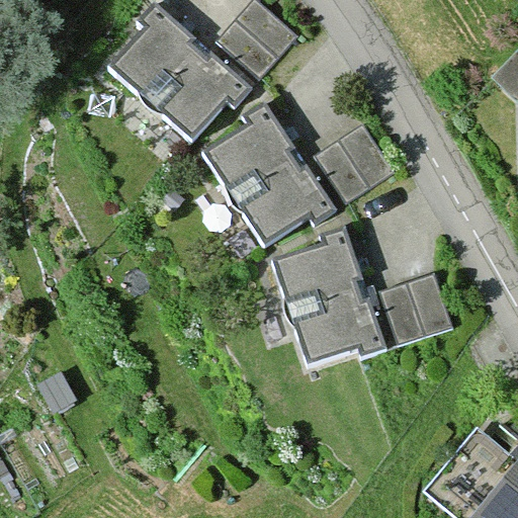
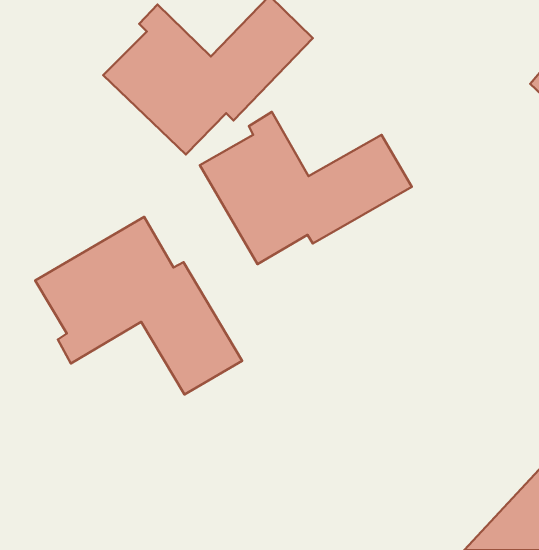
building: none -> [35,217,242,394]
building: [264,230,450,364] -> none

